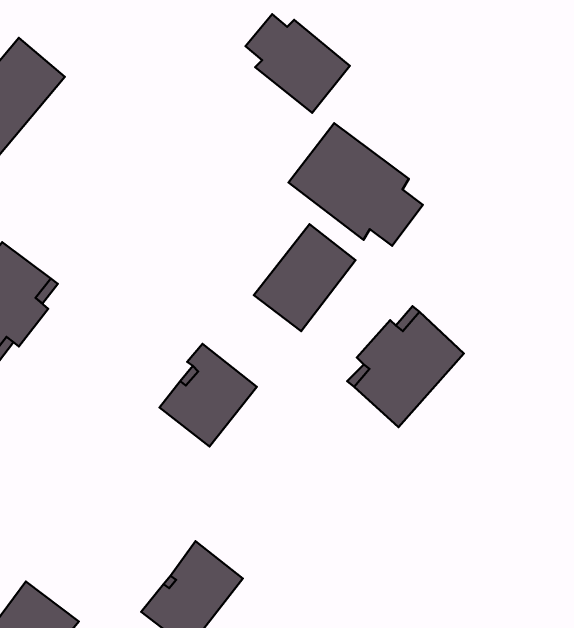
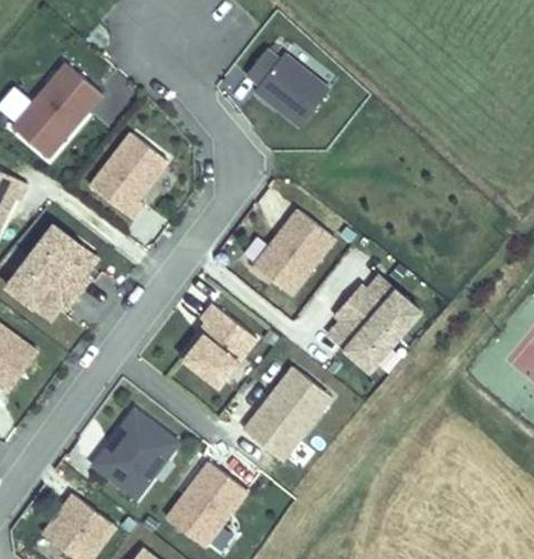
building: none -> [91,128,168,214]
building: [288,123,423,246] -> none
building: none -> [244,368,331,461]
building: none -> [91,410,177,499]

